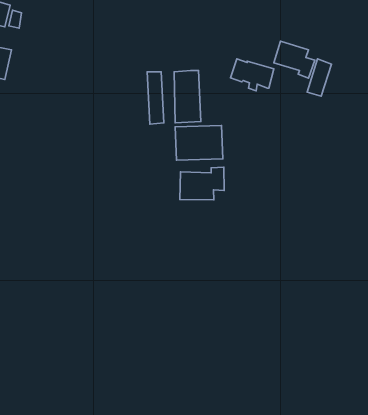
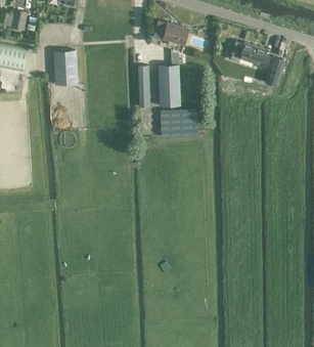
building: none -> [53,50,76,85]
building: [230,59,274,91] -> [152,20,187,46]
building: [180,167,224,200] -> none

